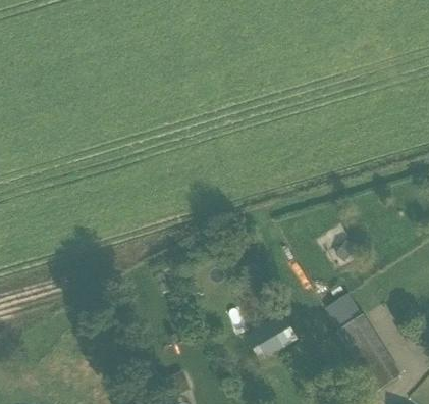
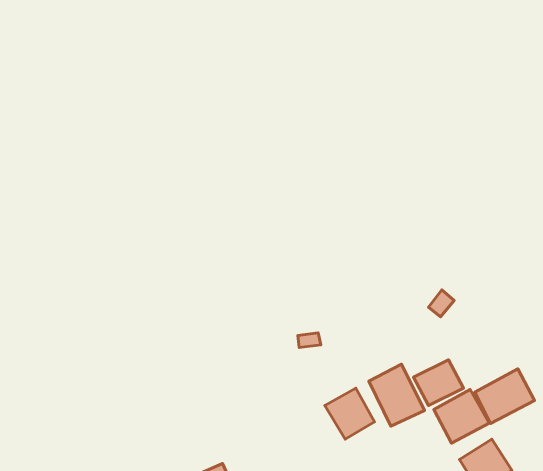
building: none -> [369,364,425,426]
building: none -> [475,369,535,423]

